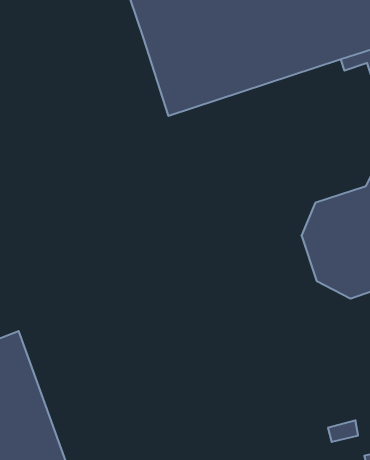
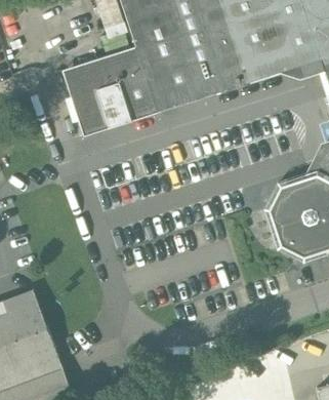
building: none -> [71,49,156,136]

